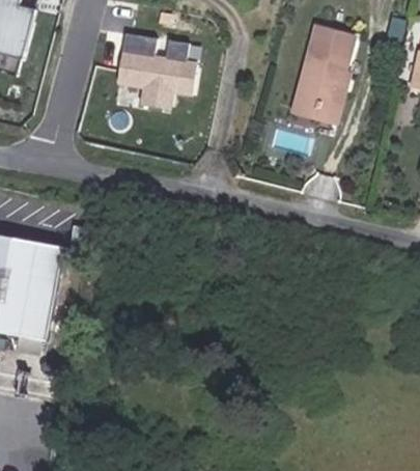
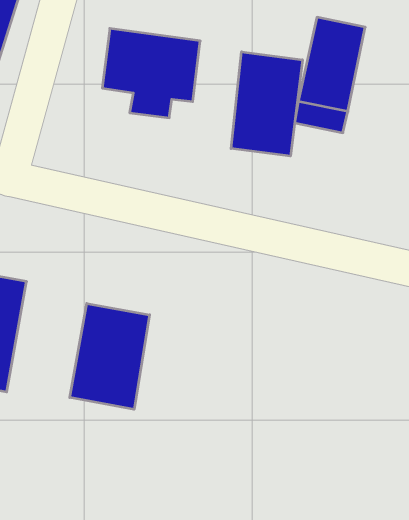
building: none -> [231,52,302,156]
building: none -> [70,303,150,409]

